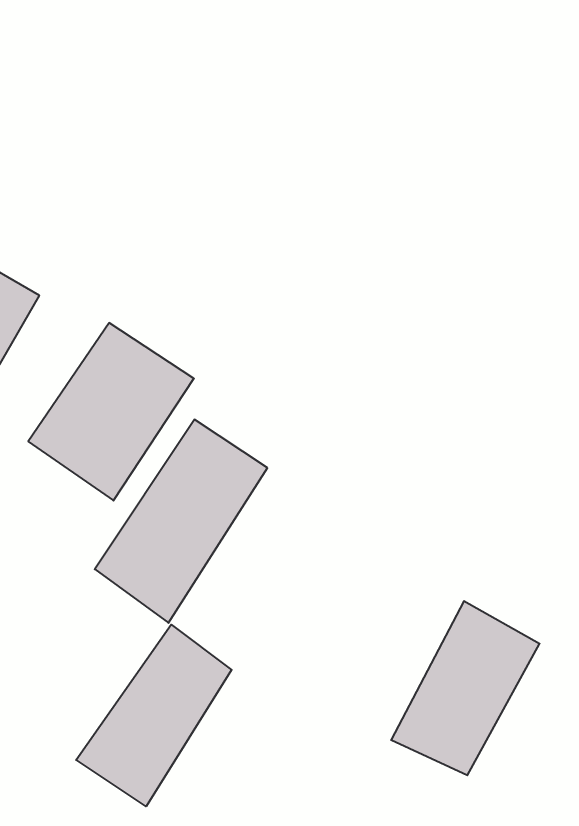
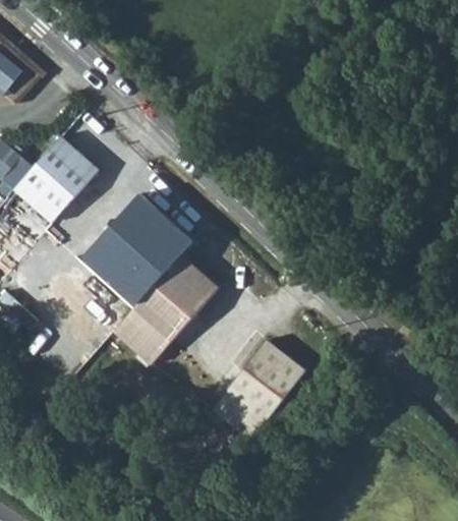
building: [391,601,540,775] -> [213,337,305,437]
building: [76,625,232,806] -> none

